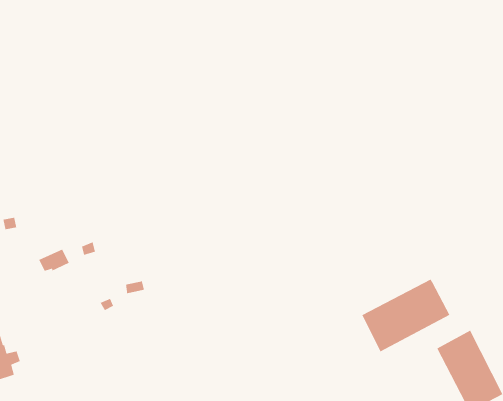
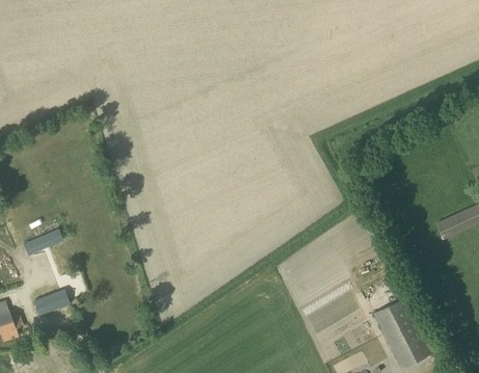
building: [361,279,450,352] -> none
building: none -> [34,290,69,315]

